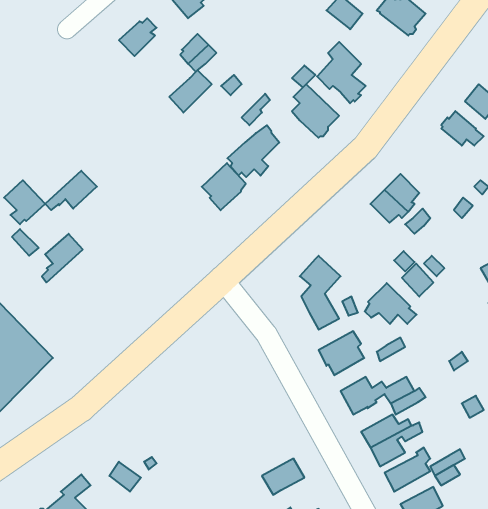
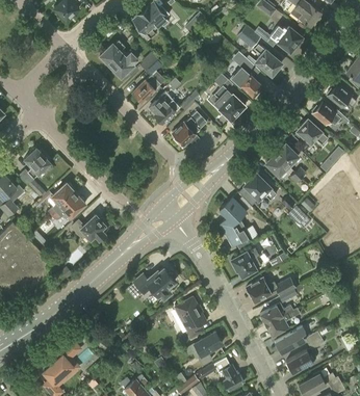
building: none -> [255,45,282,75]
building: none -> [110,52,137,78]
building: none -> [293,118,328,144]
building: [202,163,246,210] -> [150,93,179,124]
building: [45,171,97,210] -> [52,193,86,219]
building: none -> [72,214,106,239]
building: [365,283,417,324] -> [242,173,277,200]
building: none -> [132,268,176,298]
building: none -> [175,297,207,340]

